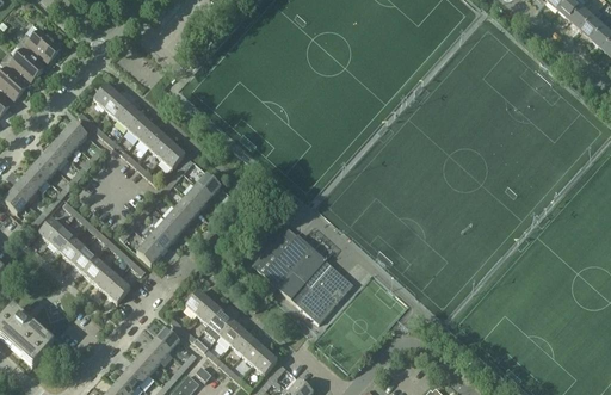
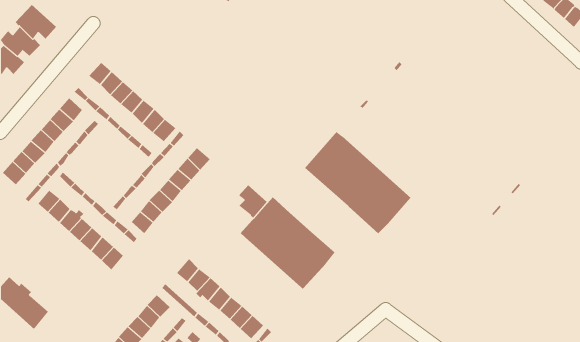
building: none -> [304,131,412,234]
building: none -> [238,184,268,218]

